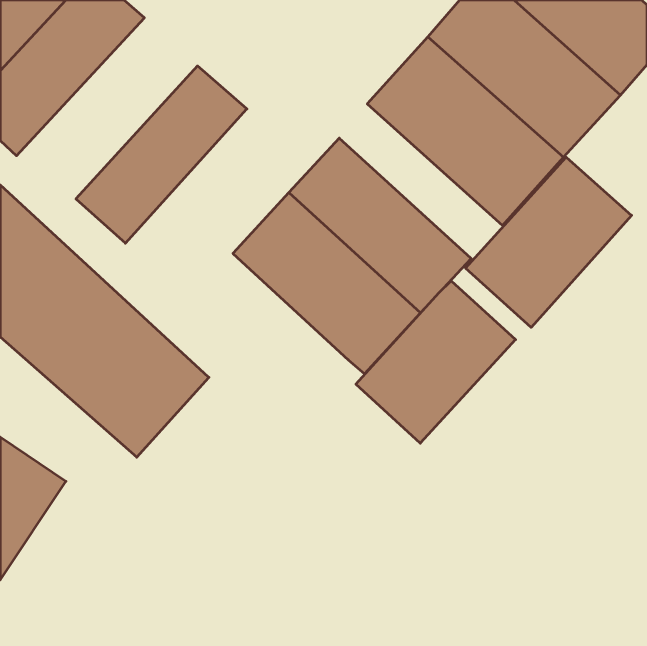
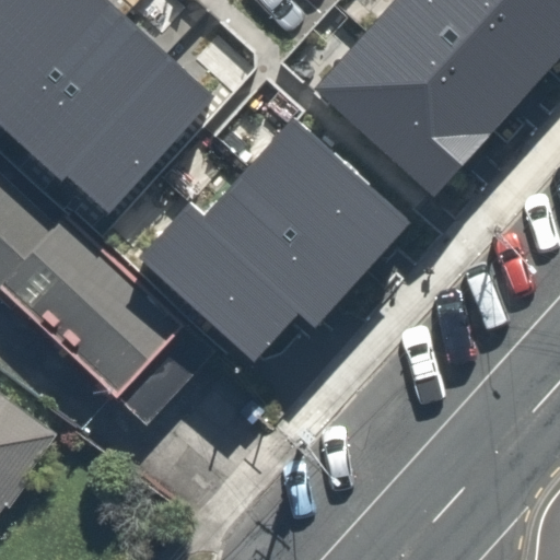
building: none -> [14,16,171,178]
building: [466,157,632,327] -> none
building: none -> [140,208,301,362]
building: [356,281,516,443] -> none

